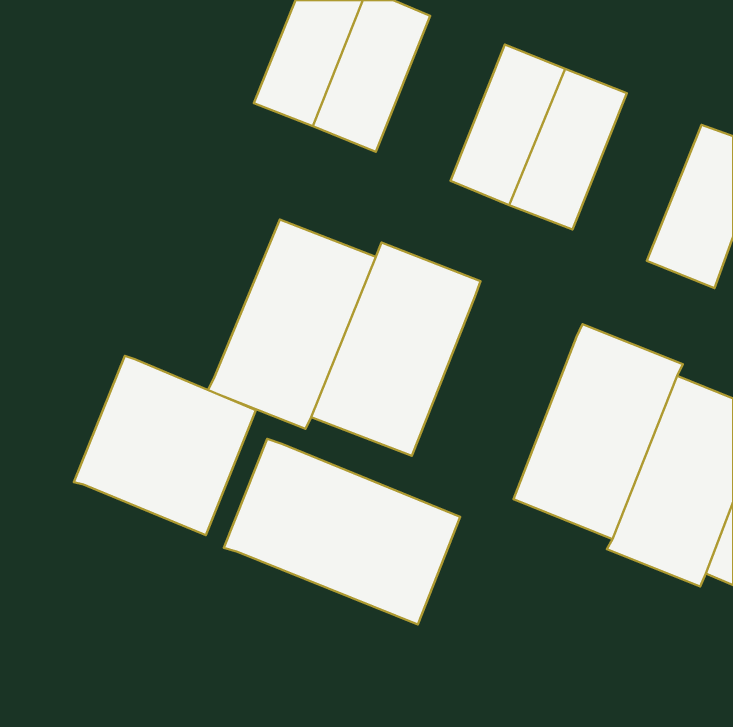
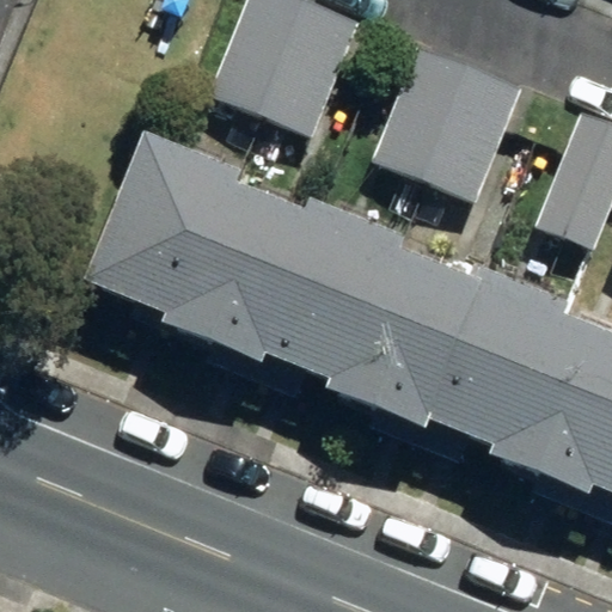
building: none -> [87,137,237,320]
building: none -> [338,252,481,429]
building: [74,356,256,535] -> none
building: [224,439,460,625] -> none

